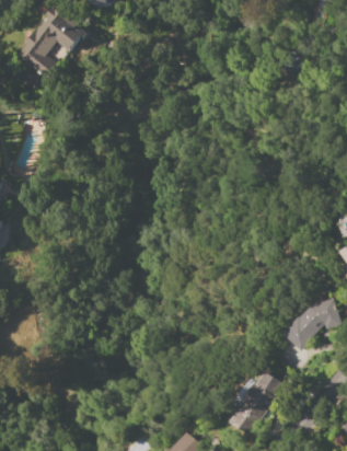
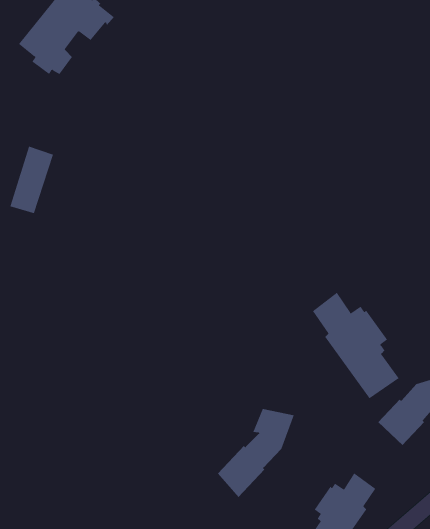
building: none -> [312,292,399,399]
building: none -> [217,408,295,498]

